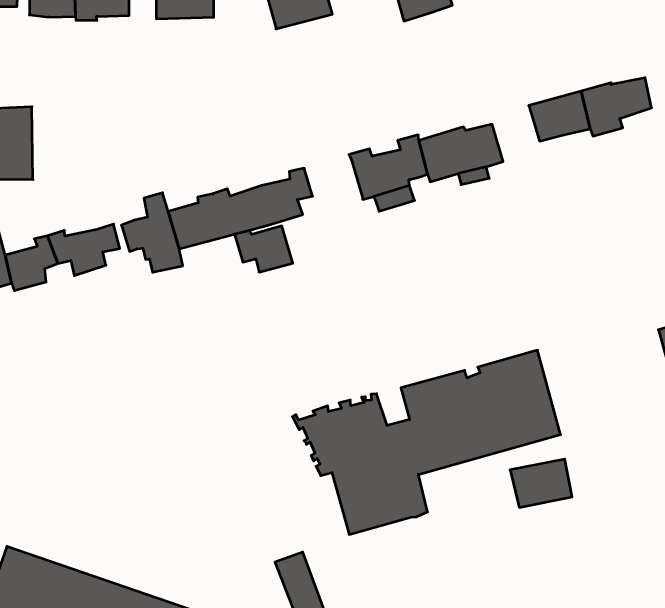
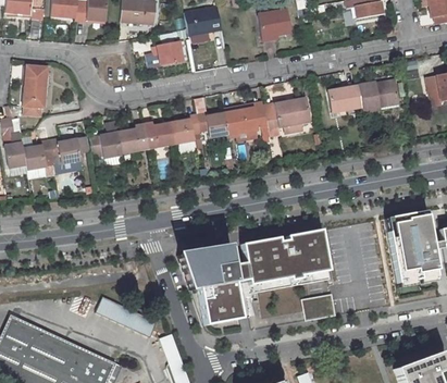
building: none -> [152,38,182,61]
building: [234,226,293,272] -> [198,112,229,137]
building: none -> [97,296,159,335]

